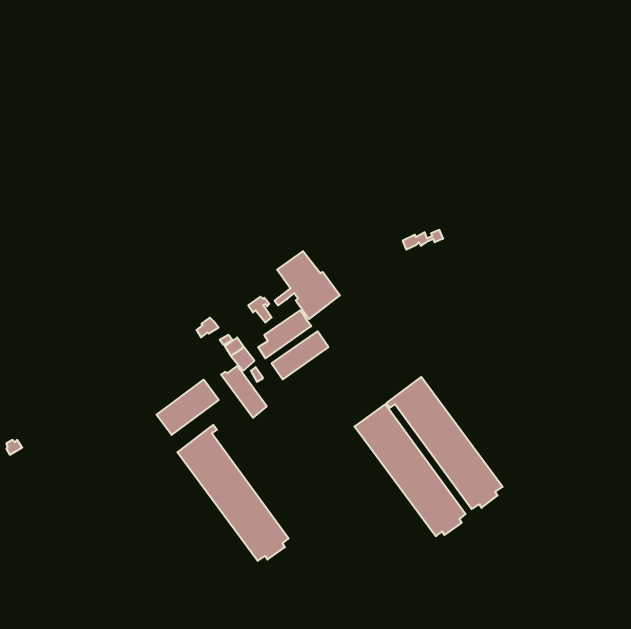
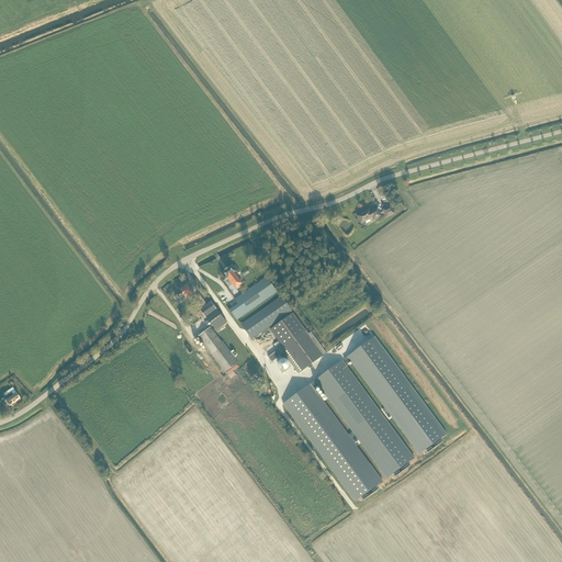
building: [275,251,340,319] -> [268,312,326,372]
building: [156,380,219,435] -> none
building: [177,425,289,561] -> [283,379,382,499]

